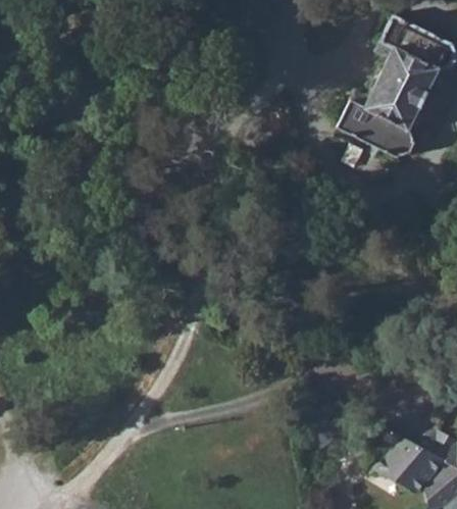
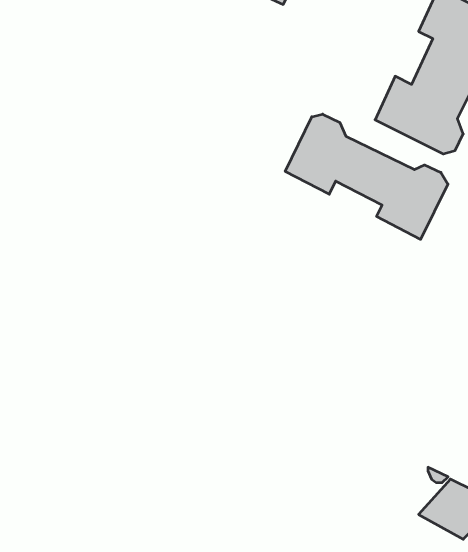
building: none -> [285,114,448,239]

